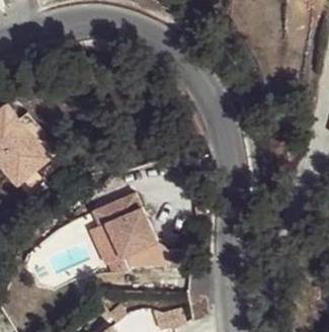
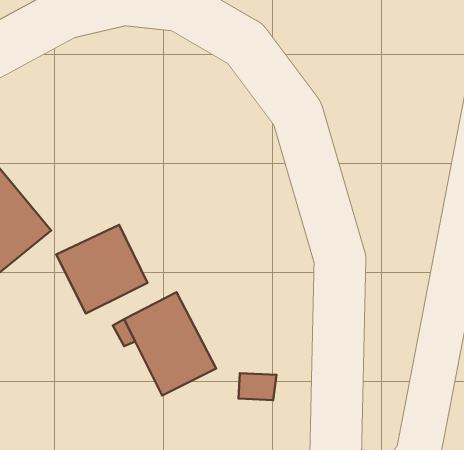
building: none -> [56,225,148,314]

